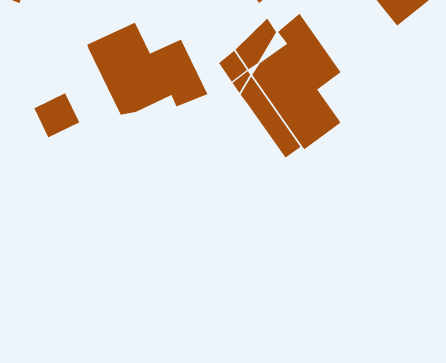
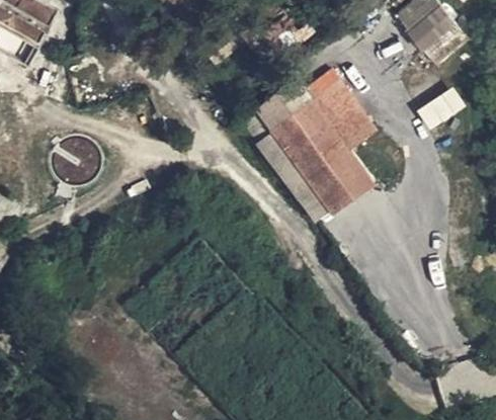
building: [87,22,208,115] -> none
building: none -> [415,88,465,132]

